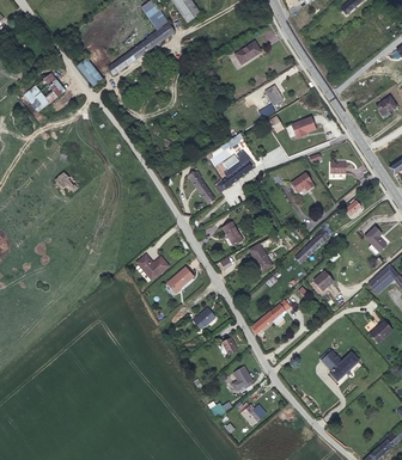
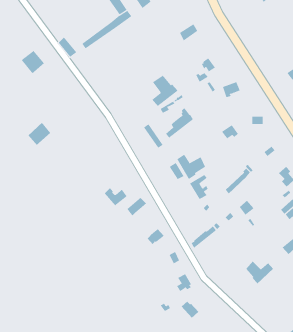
building: none -> [152,75,178,107]
building: none -> [176,154,206,180]

